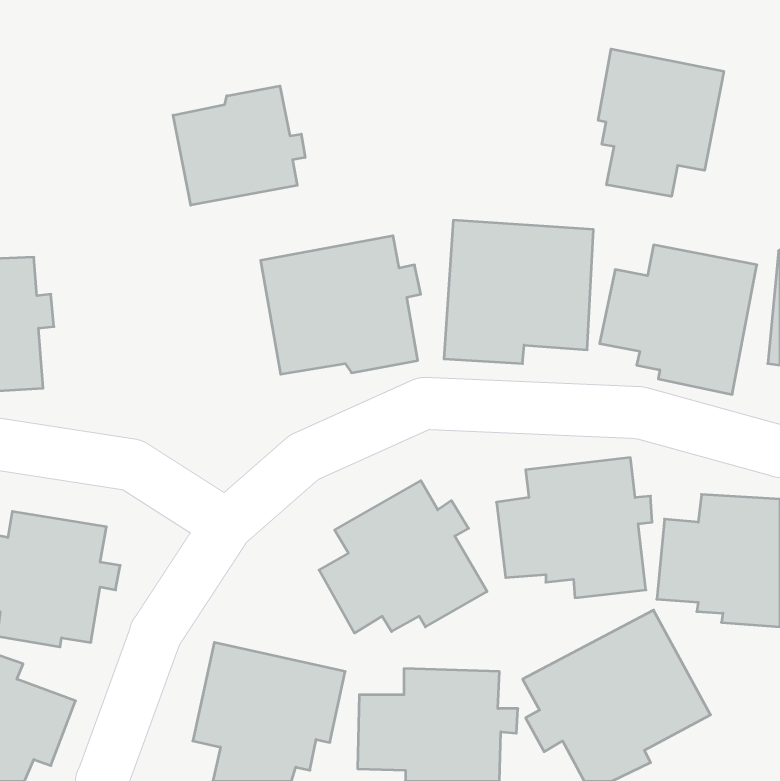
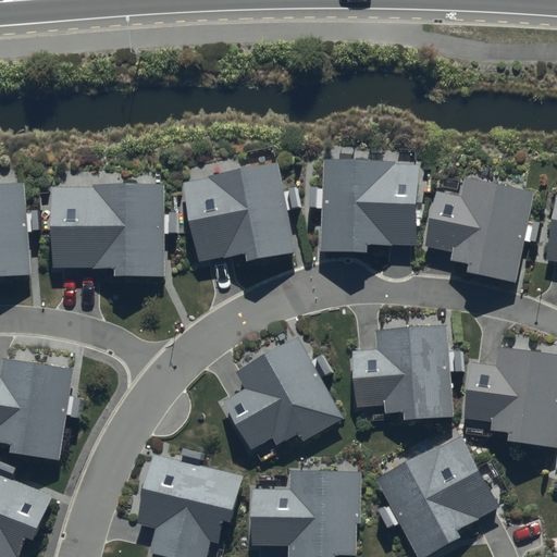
building: [598,49,724,196] -> none
building: [173,86,305,205] -> none
building: none -> [49,181,173,278]

